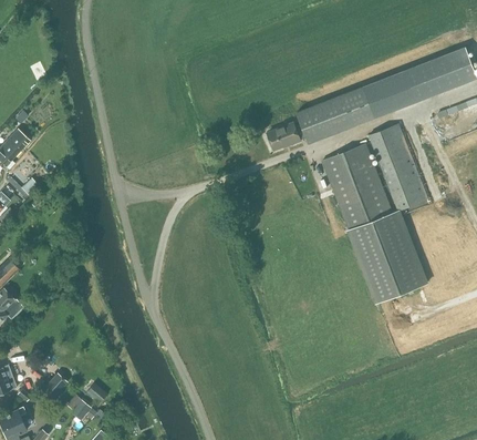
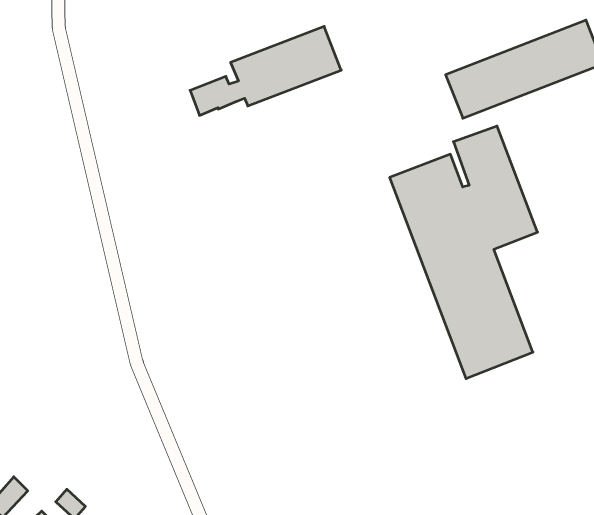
building: [268,86,375,150] -> [190,26,341,115]

